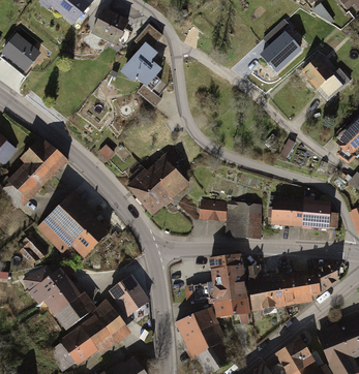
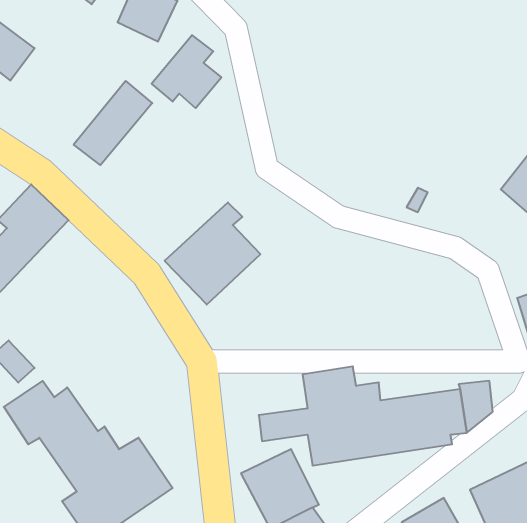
building: [258,31,300,72] -> none
building: [303,56,338,91] -> none
building: none -> [74,81,152,165]
building: [35,193,112,258] -> none
building: [271,194,334,229] -> none
building: [198,200,258,237] -> none
building: [111,276,150,316] -> none

